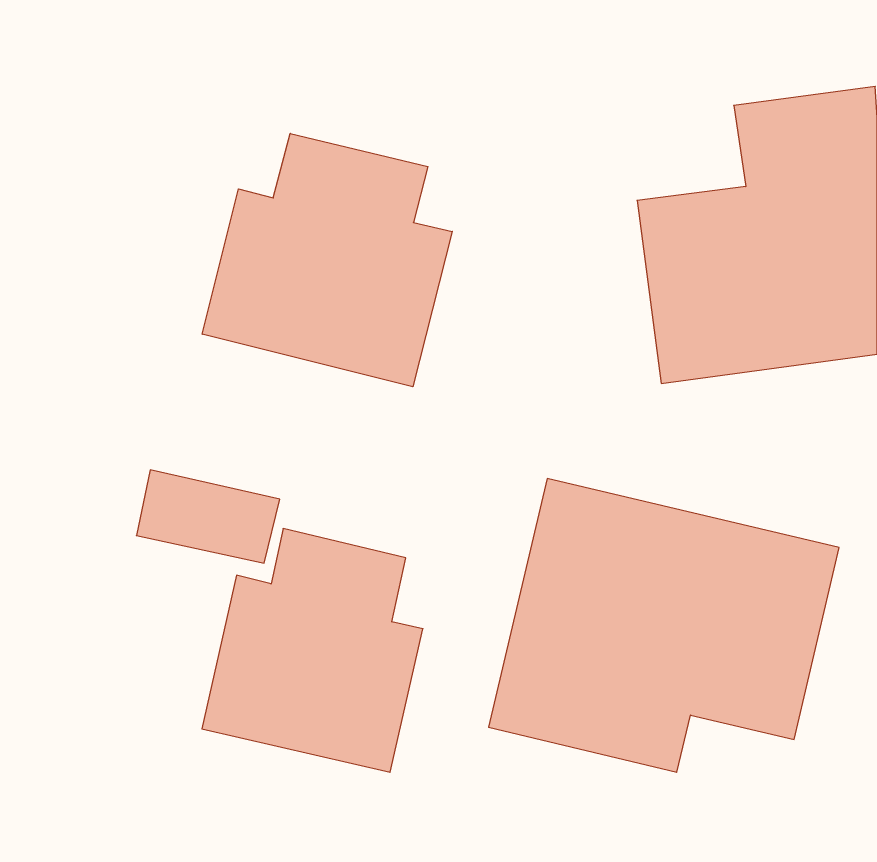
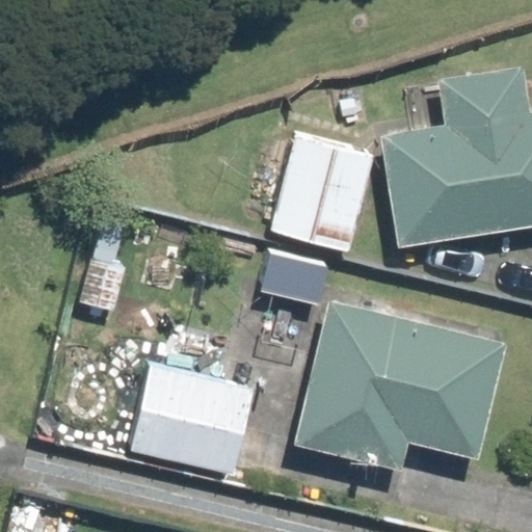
building: [202,133,452,387] -> none
building: none -> [270,136,388,259]

